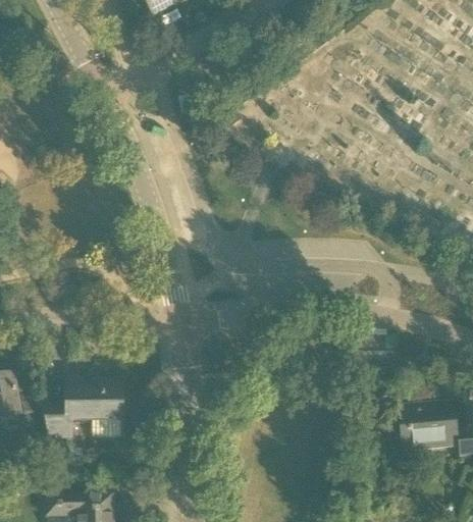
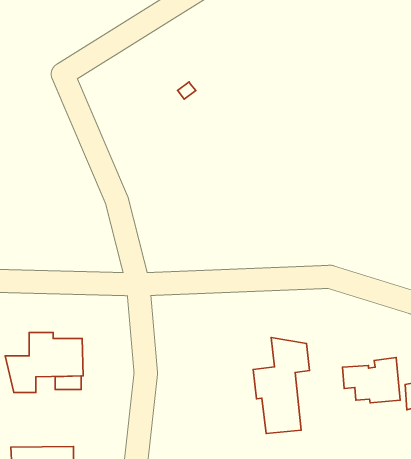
building: none -> [253,337,310,434]

